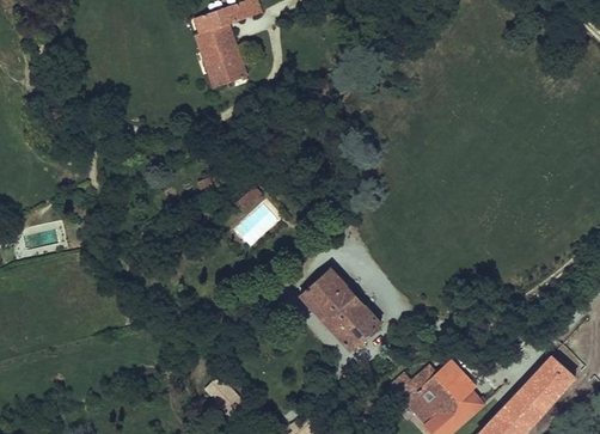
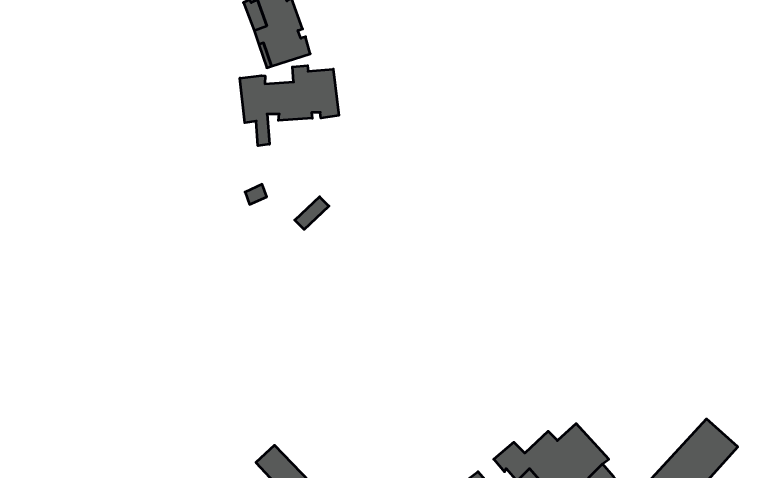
building: none -> [240,66,339,146]
building: [300,268,381,349] -> none

